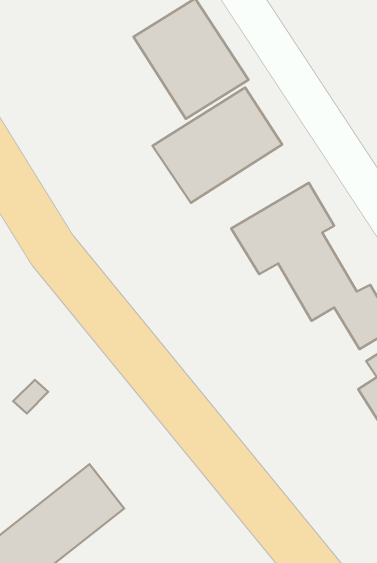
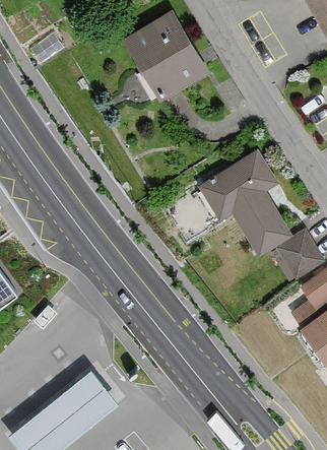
building: [153,88,282,203] -> none

